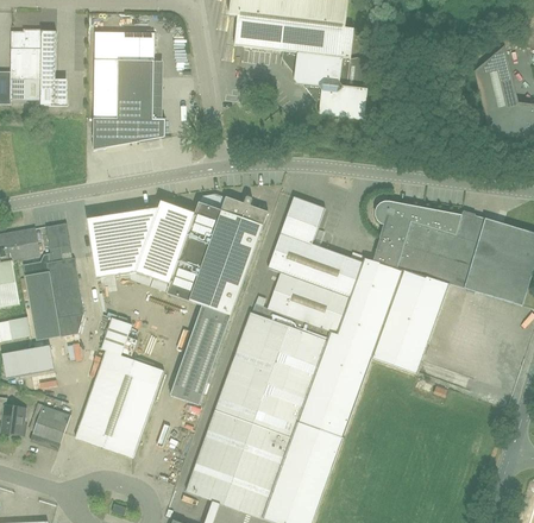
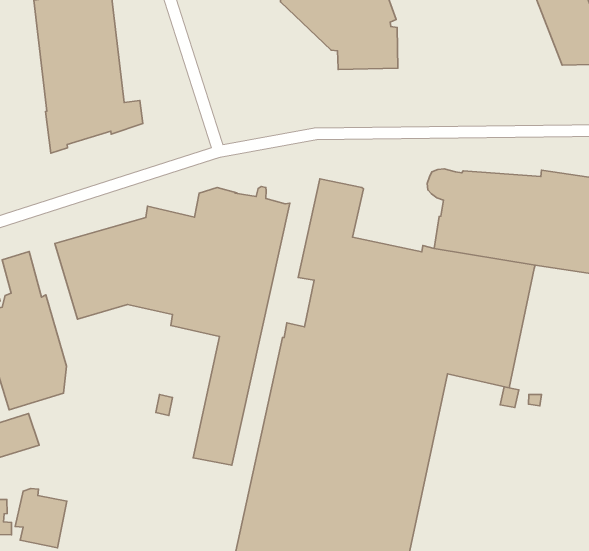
building: [74,317,163,456] -> none

